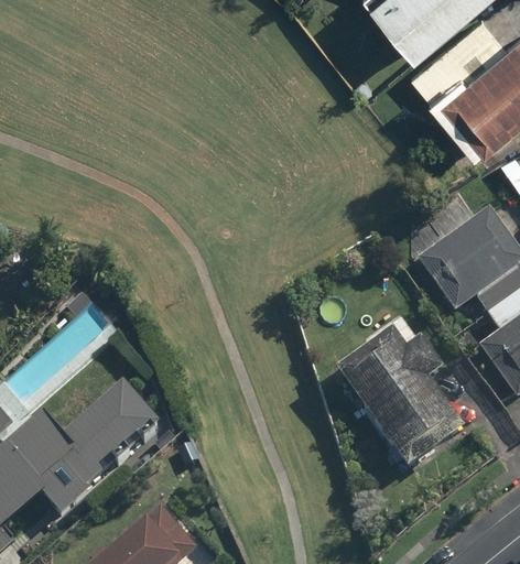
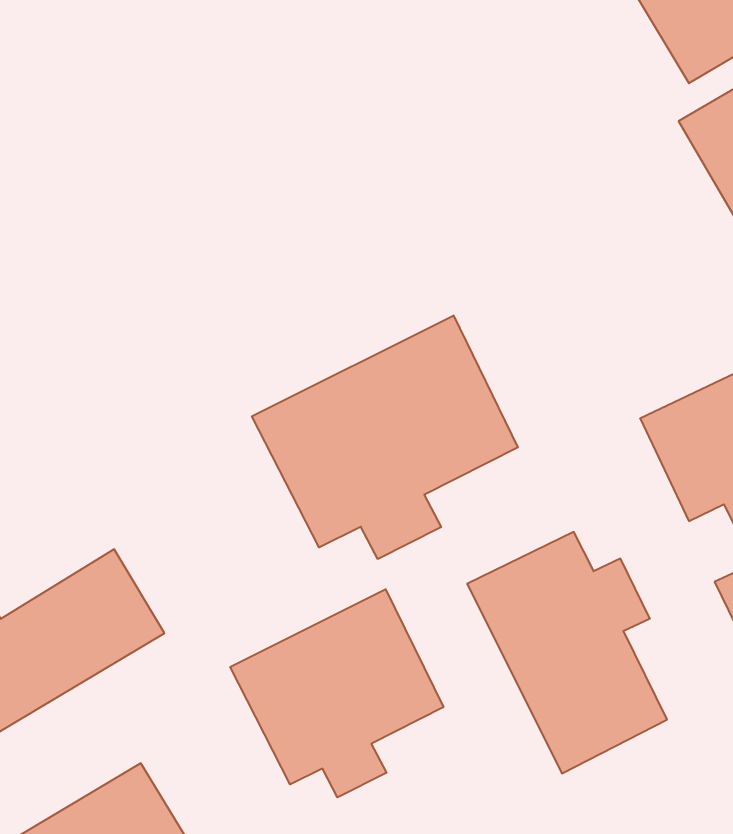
building: none -> [252,315,518,559]
building: none -> [230,589,443,797]

